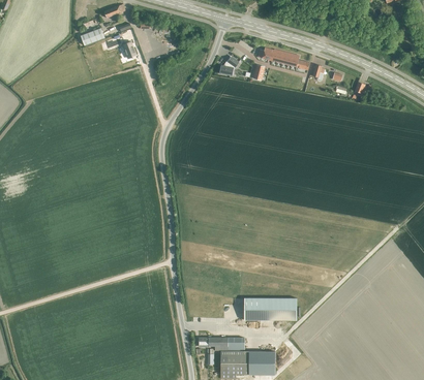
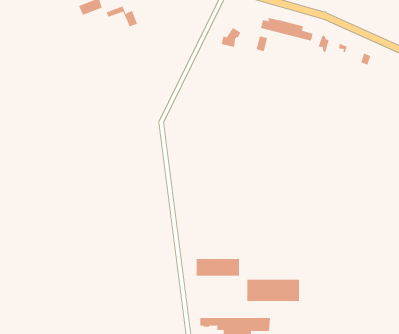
building: none -> [196,258,240,277]

